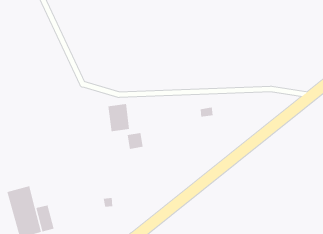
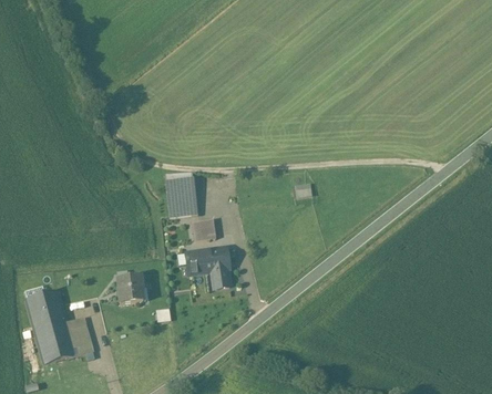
building: none -> [185,246,229,288]
building: none -> [117,274,144,303]

